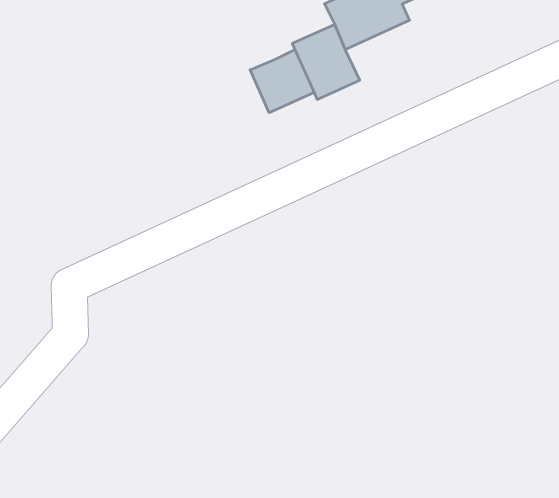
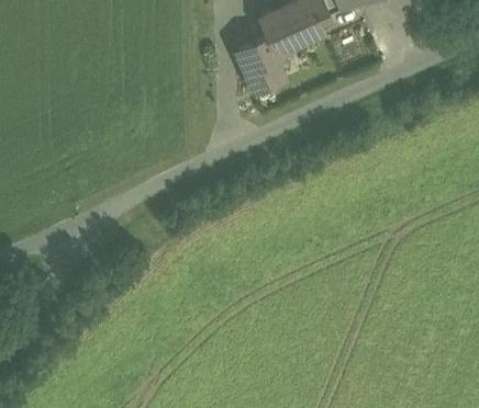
building: [250,50,314,113] -> none

